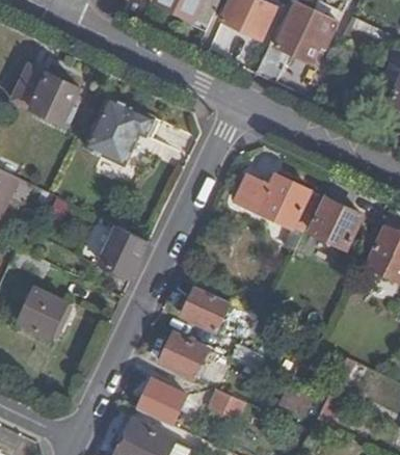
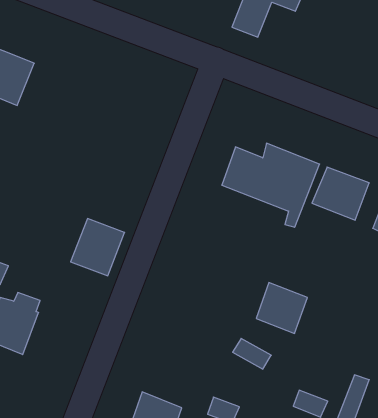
building: [86,95,161,164] -> none
building: [181,285,226,330] -> [256,283,307,333]
building: [159,331,205,377] -> none

